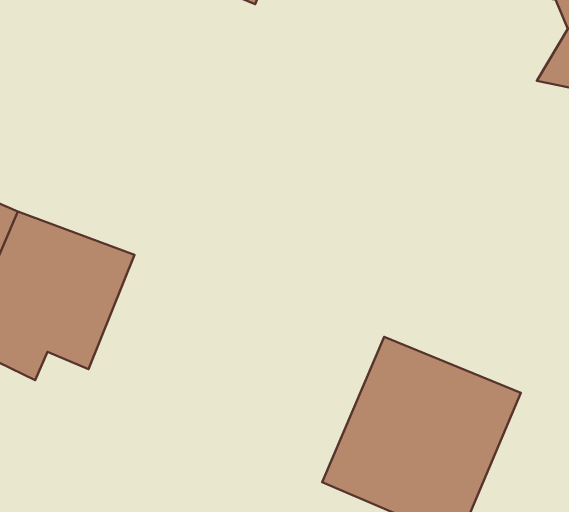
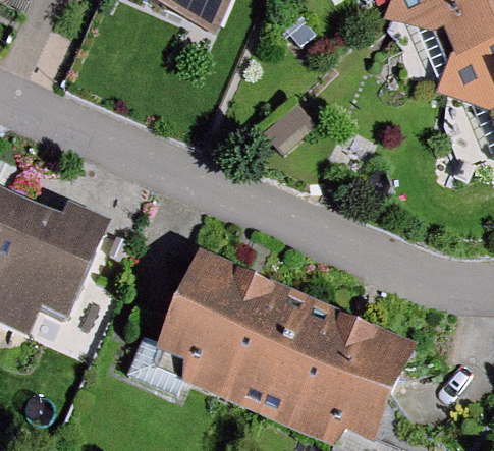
building: none -> [156,251,316,416]

